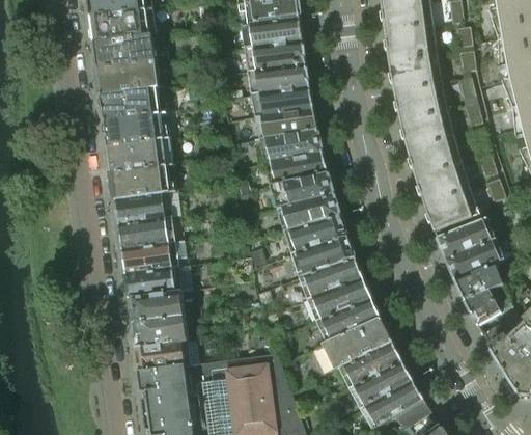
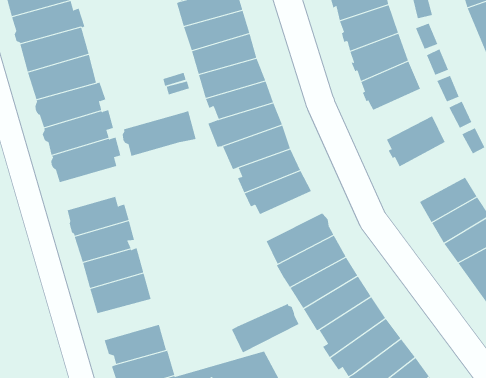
building: [408,138,462,180] -> none
building: [110,167,177,201] -> [122,111,196,157]
building: [424,190,480,235] -> none
building: [285,217,348,256] -> [231,303,300,353]
building: [129,294,185,325] -> none

